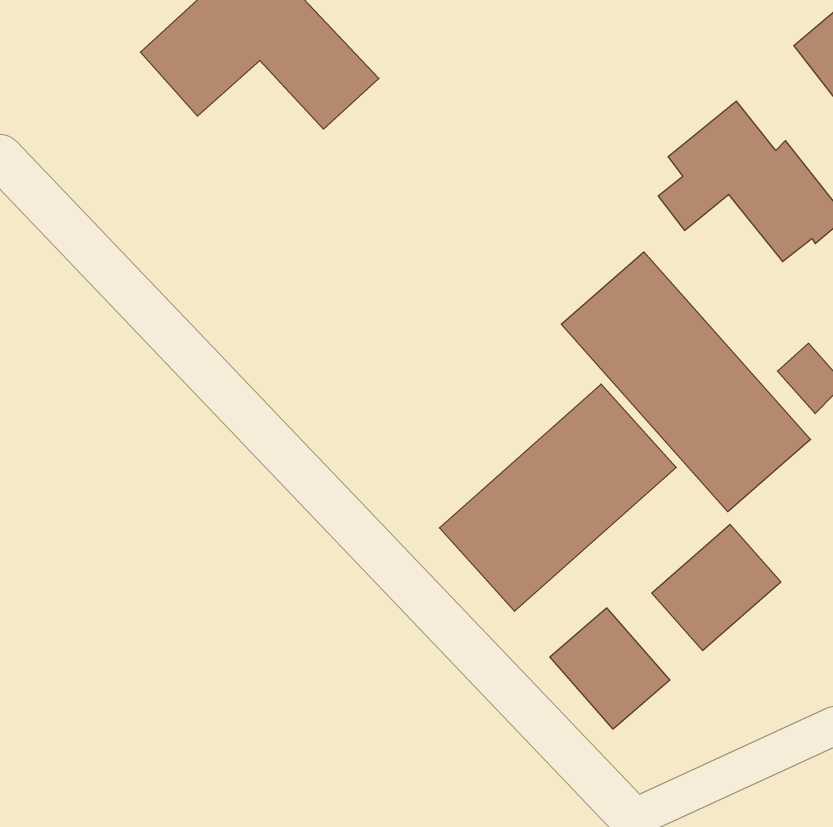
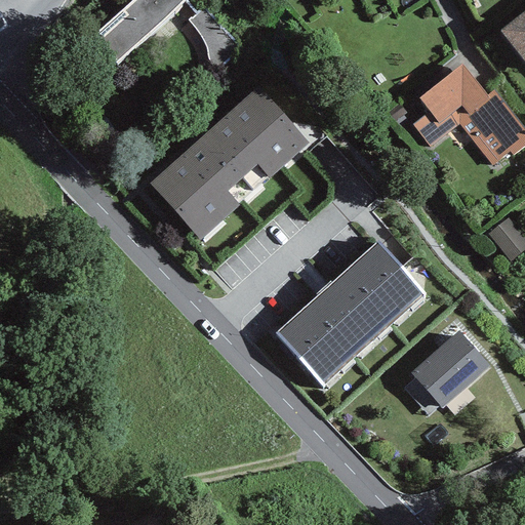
building: none -> [149,86,310,240]
building: [561,252,811,512] -> none
building: [550,608,670,729] -> none

